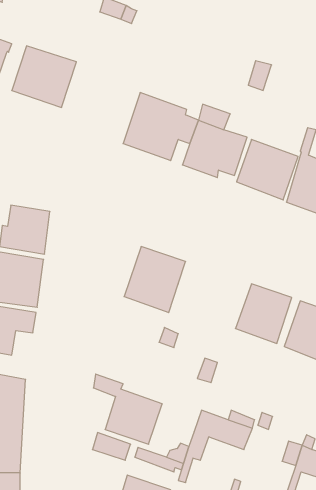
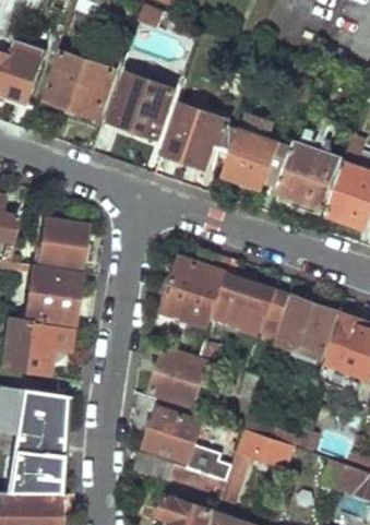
building: none -> [111,72,175,138]
building: none -> [217,275,289,331]
building: none -> [152,349,207,408]

